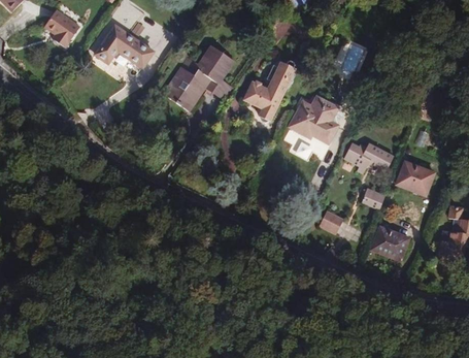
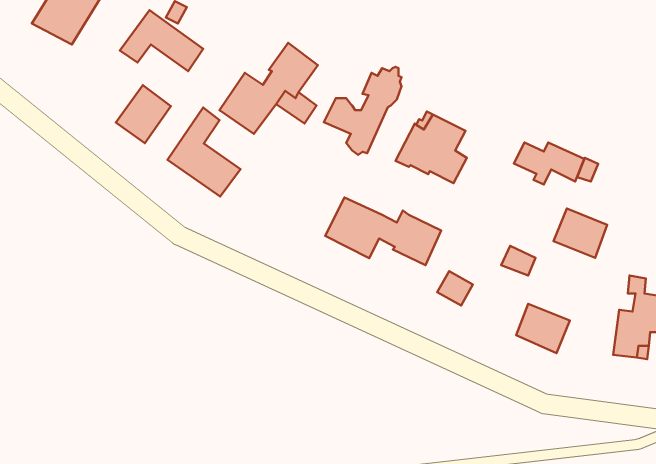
building: none -> [116,85,171,143]
building: none -> [167,107,240,197]
building: [343,144,392,173] -> [514,143,584,184]
building: none -> [325,197,441,265]

